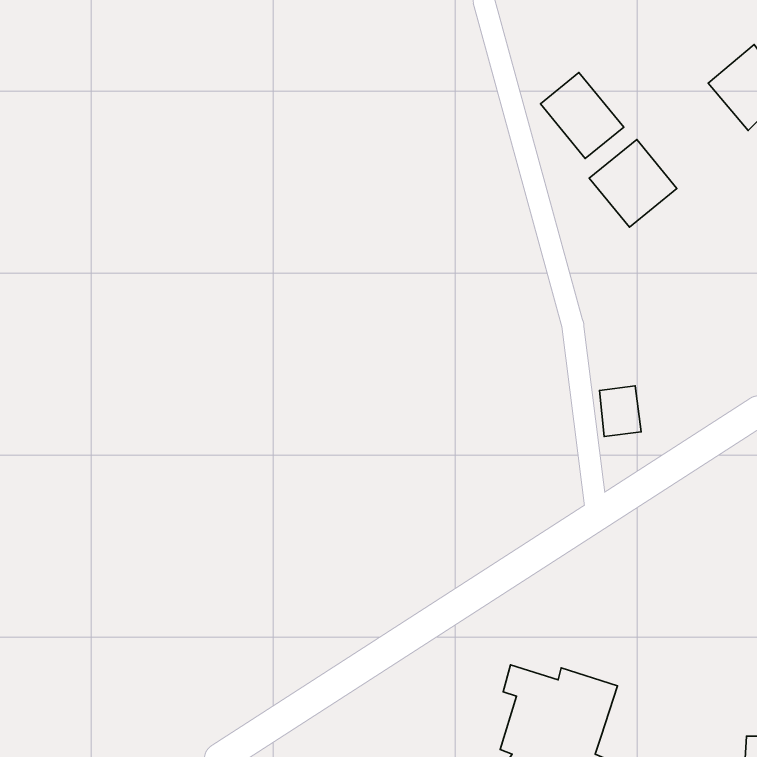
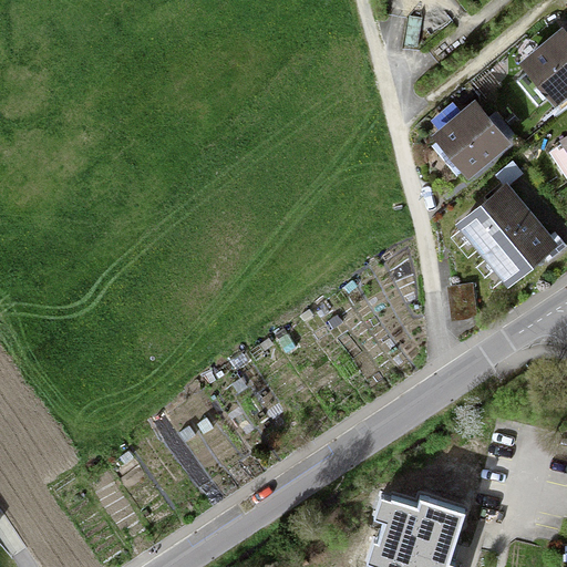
building: [540,72,624,158] -> none
building: none -> [463,187,554,279]

